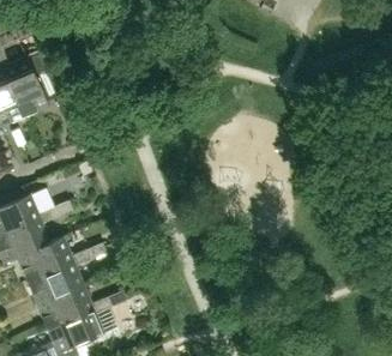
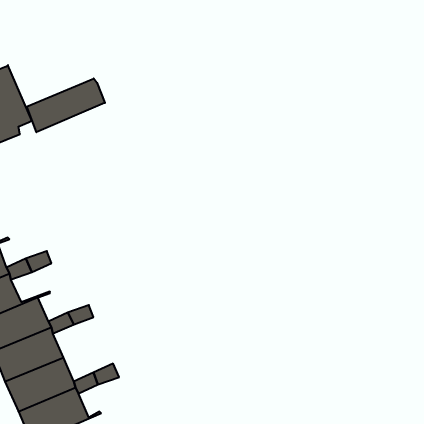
building: none -> [27,78,105,132]

